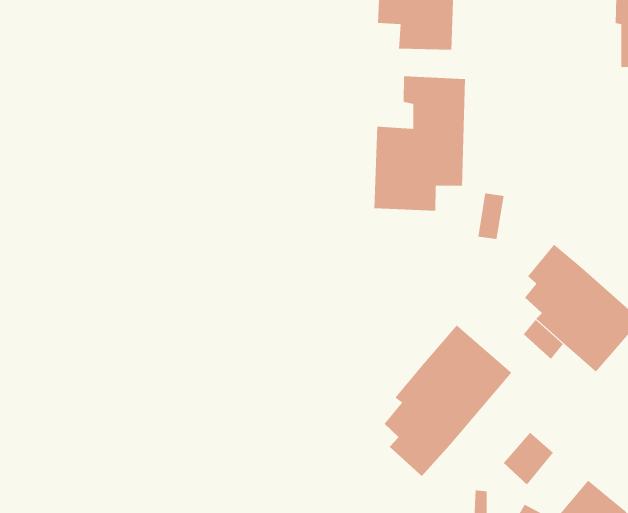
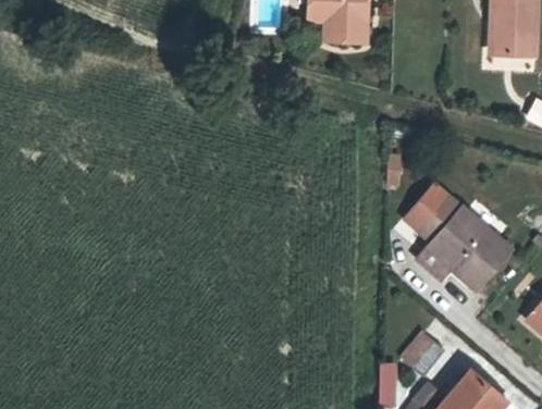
building: [374,76,466,212] -> none
building: [384,324,512,477] -> none

